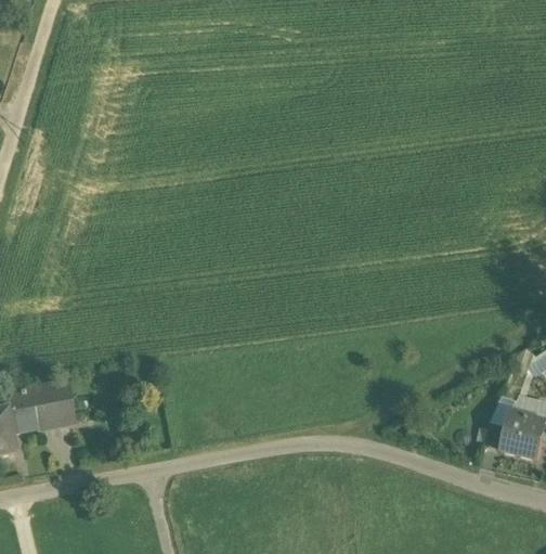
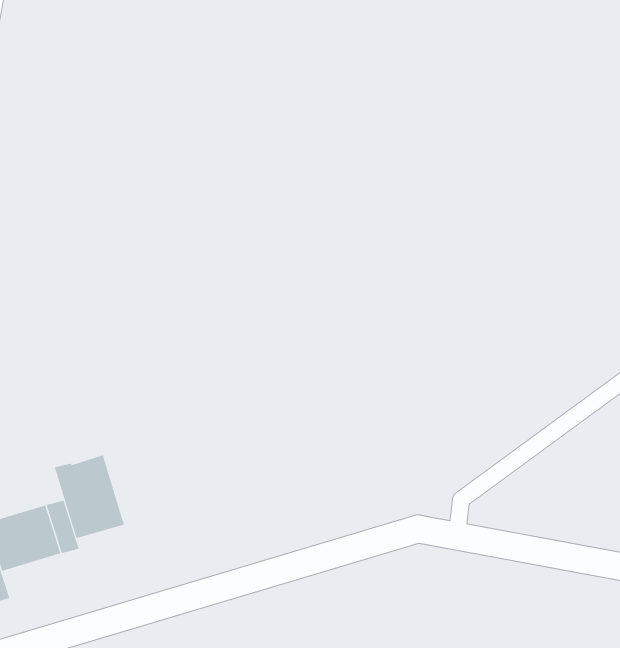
building: none -> [54,454,125,539]

